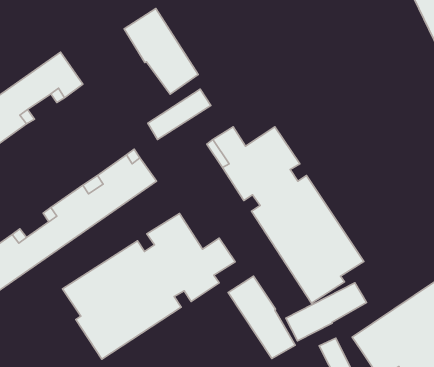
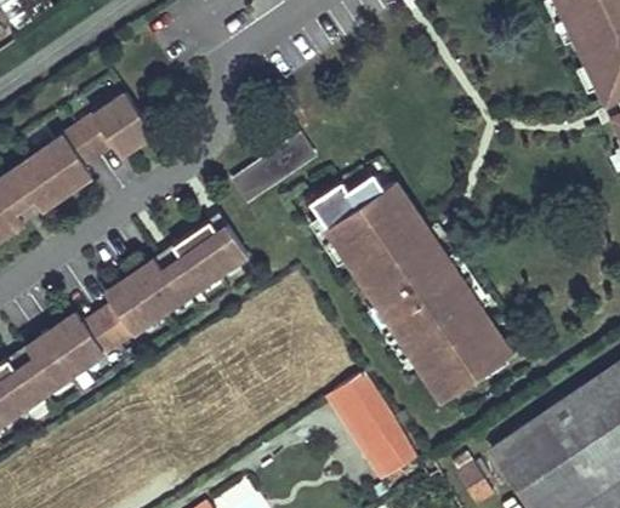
building: [124,8,198,94] -> none
building: [62,214,235,359] -> none
building: [286,283,366,341] -> none

